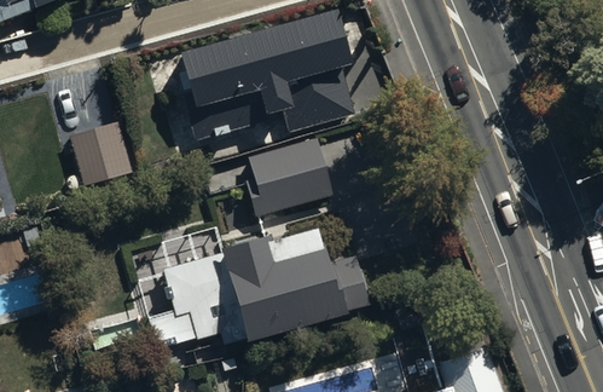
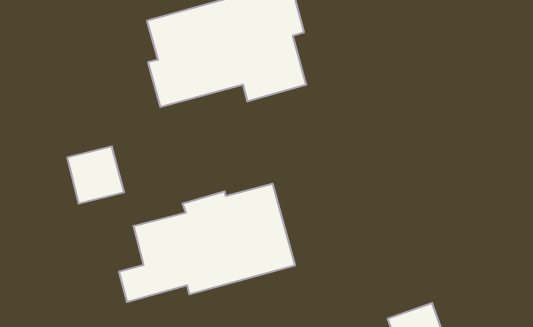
building: [70,122,132,184] -> [67,146,124,203]
building: [204,138,334,218] -> none

